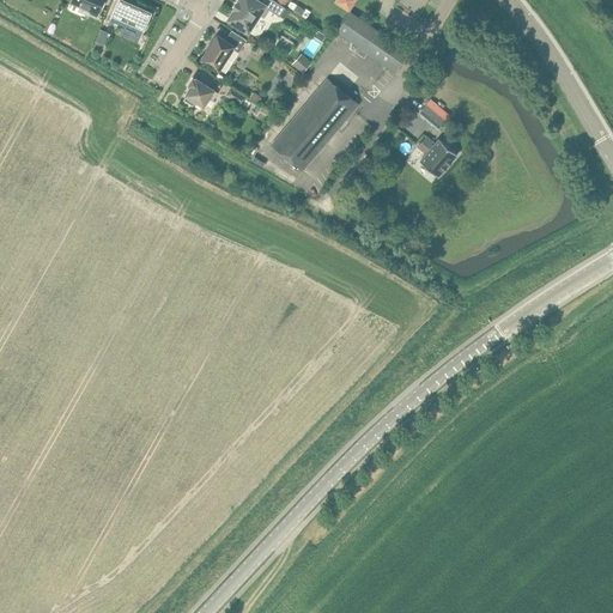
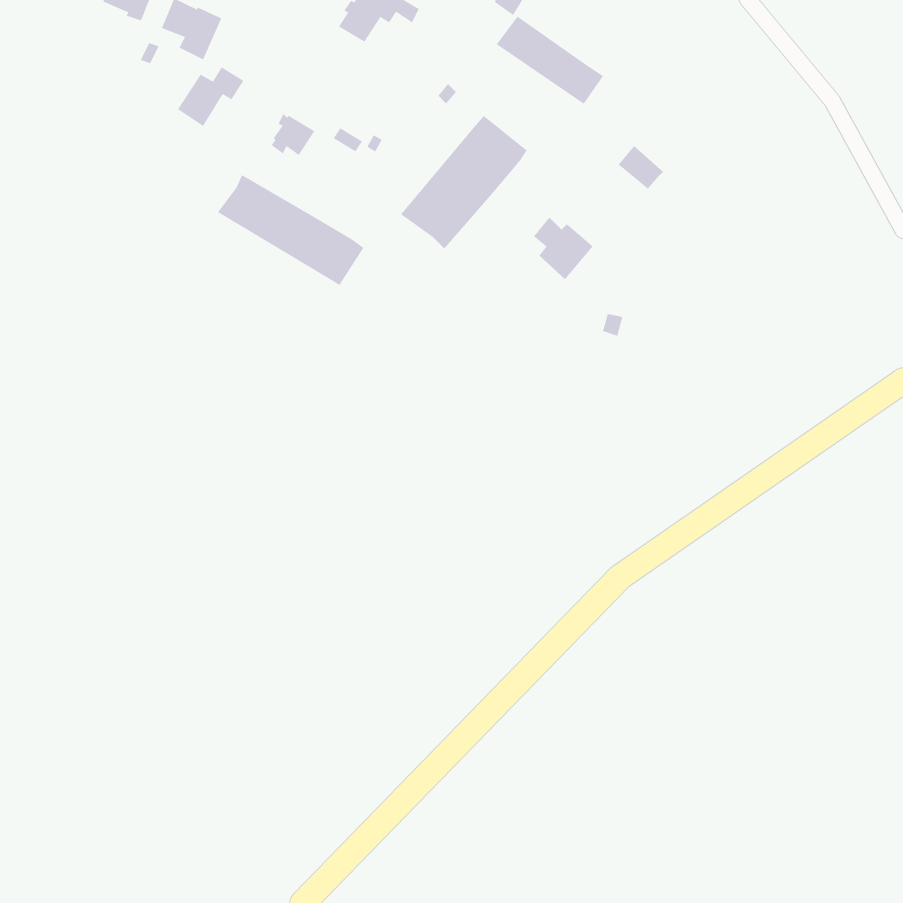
building: [200,29,245,69] -> [177,67,244,127]
building: none -> [217,174,364,286]
building: [415,133,456,176] -> [533,217,593,280]

